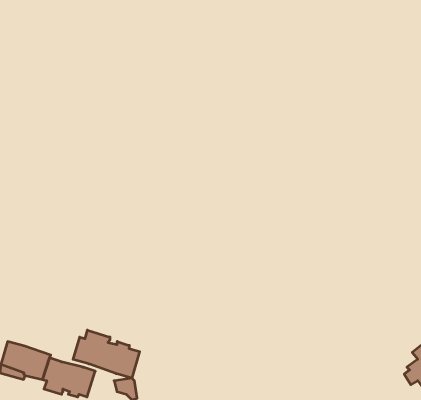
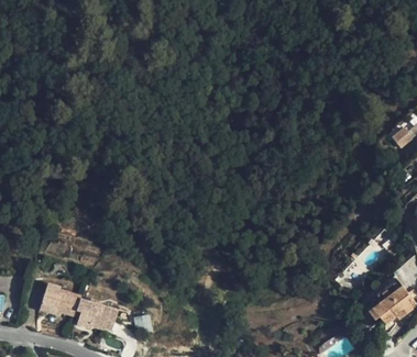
building: [73,330,140,378] -> none

